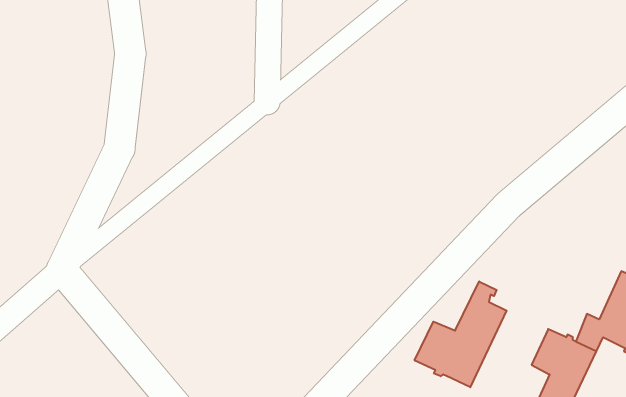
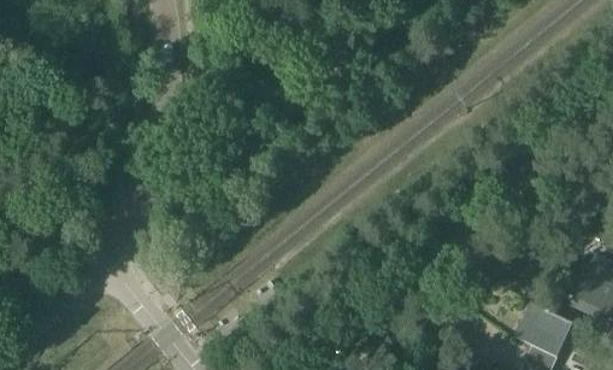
building: [415,281,506,387] -> none

